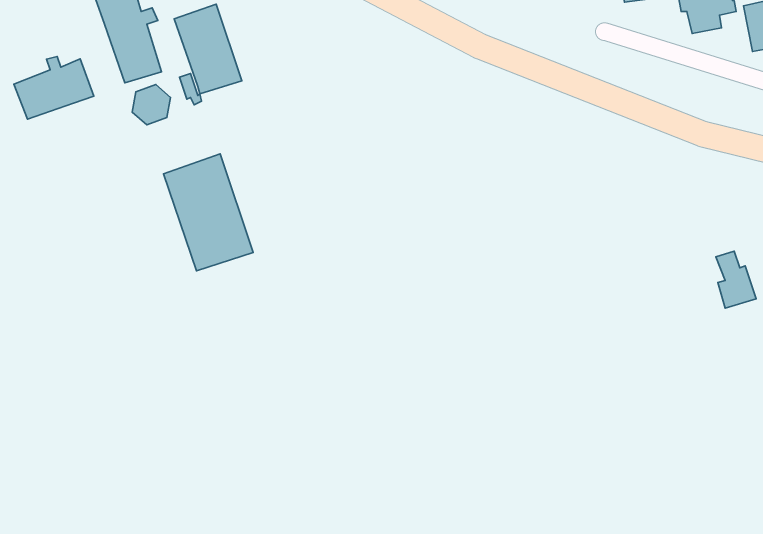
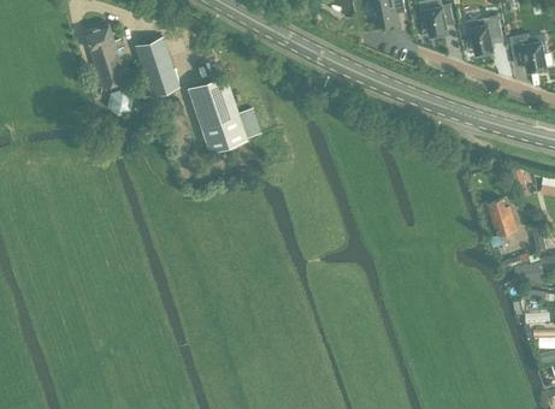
building: [14,56,94,119] -> none
building: [163,154,253,271] -> [187,75,246,152]

